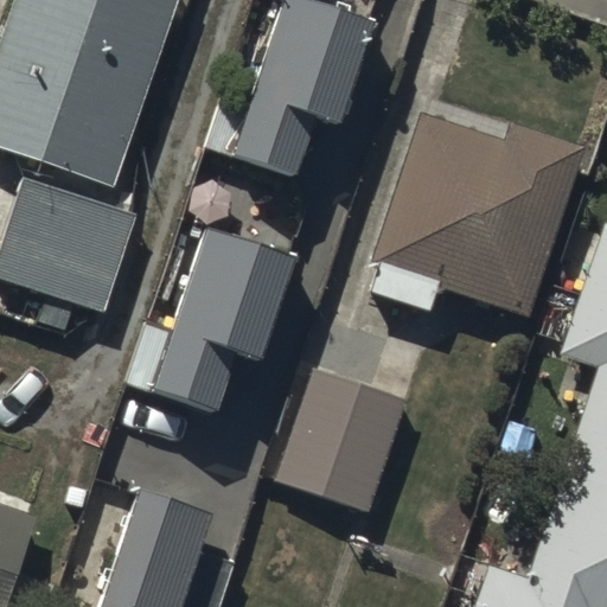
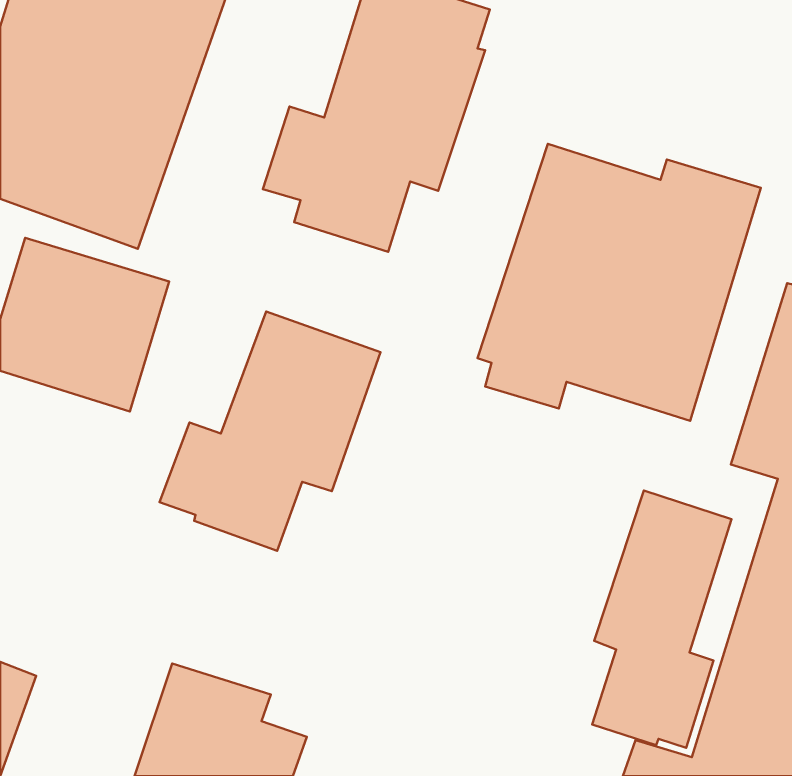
building: [277,363,407,506] -> none
building: none -> [592,490,731,748]

